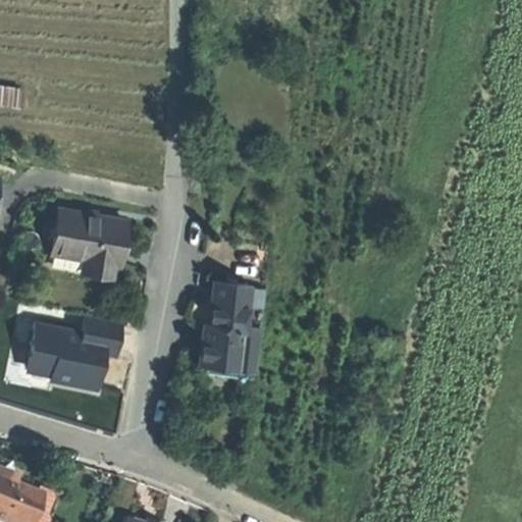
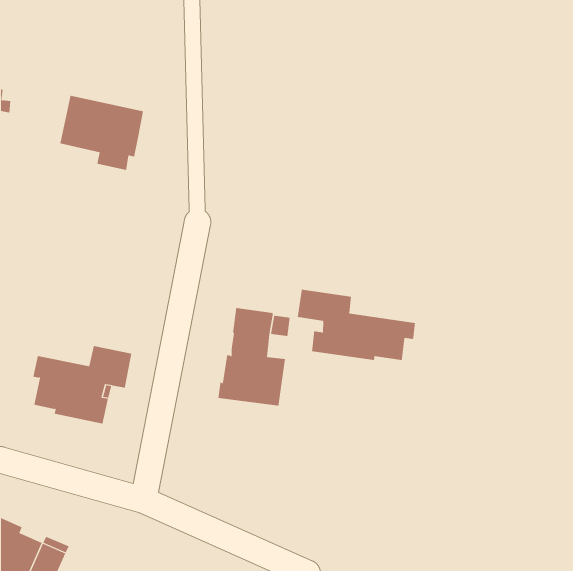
building: [48,210,124,278] -> [60,95,144,170]
building: none -> [297,289,416,361]

